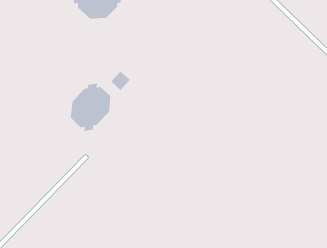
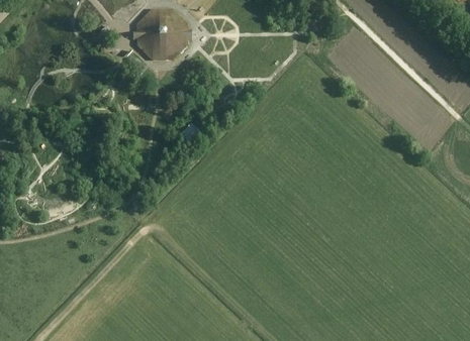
building: [70,83,111,132] -> none

